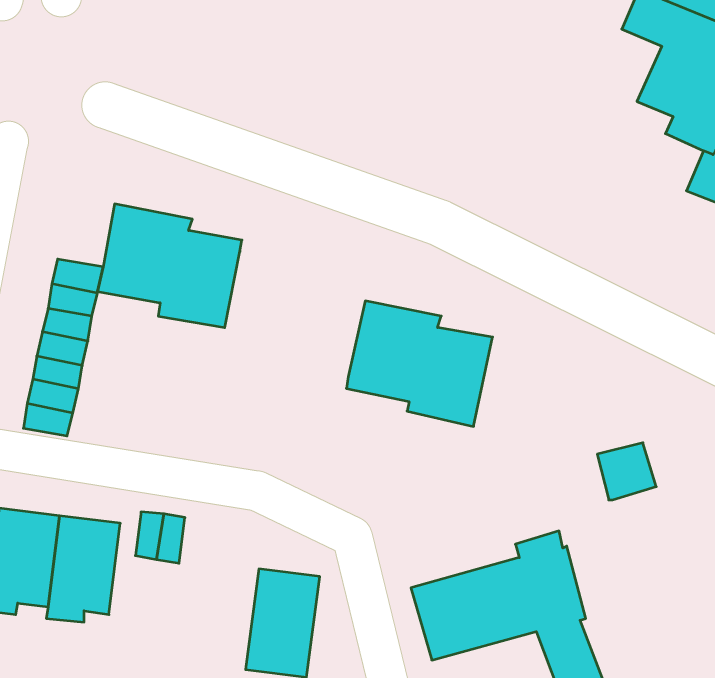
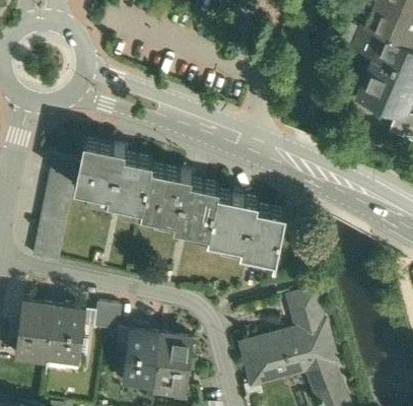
building: none -> [139,168,216,235]
building: [597,443,656,500] -> [287,294,319,325]
building: none -> [121,334,158,392]

